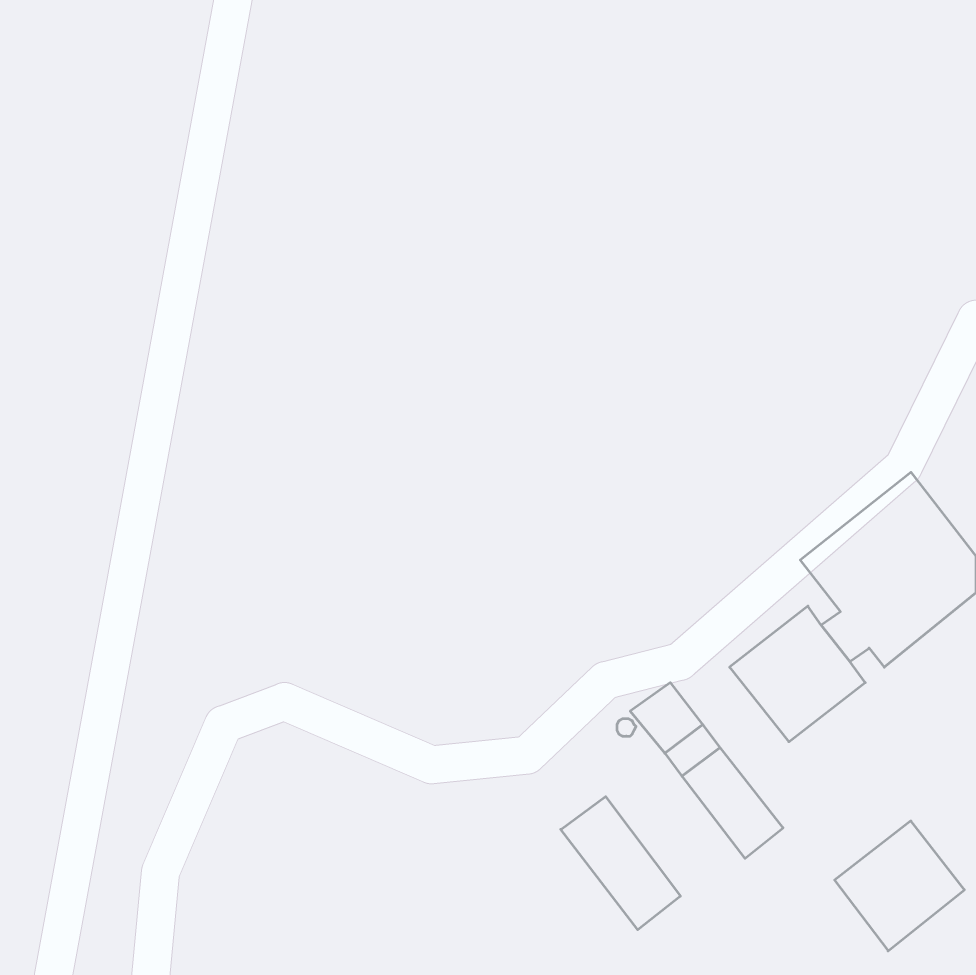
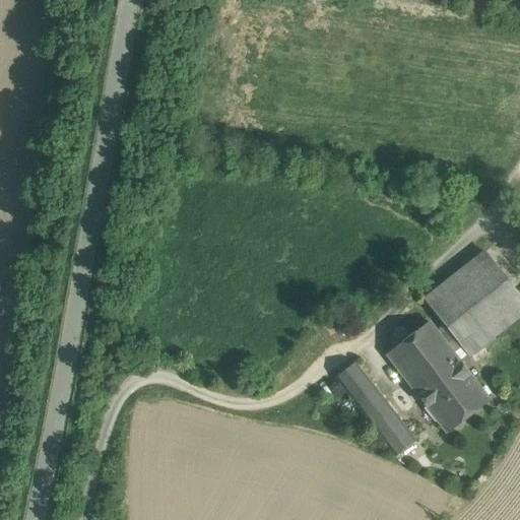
building: [561,797,680,930] -> none
building: [835,821,964,951] -> [419,363,489,432]

